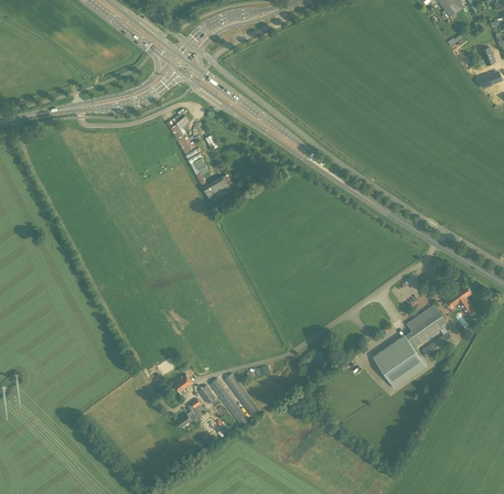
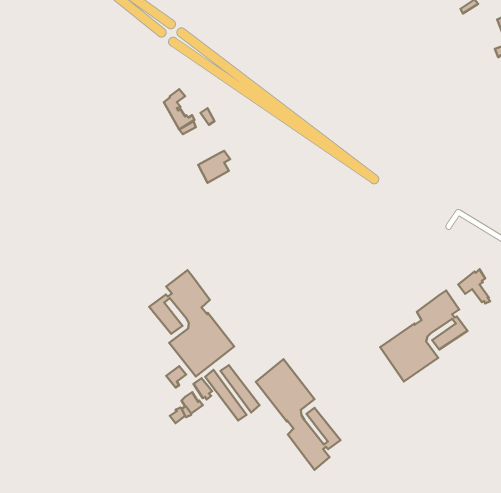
building: none -> [149,270,234,376]
building: none -> [256,359,340,470]

